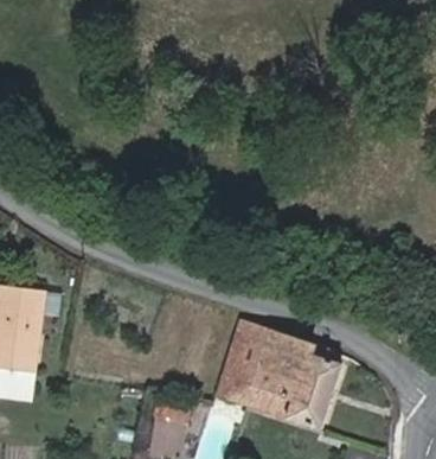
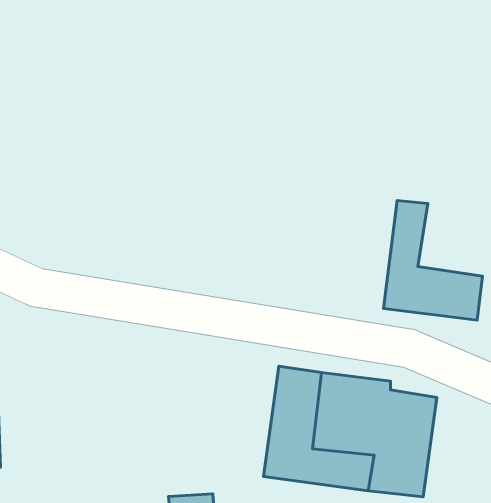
building: none -> [384,200,482,320]

